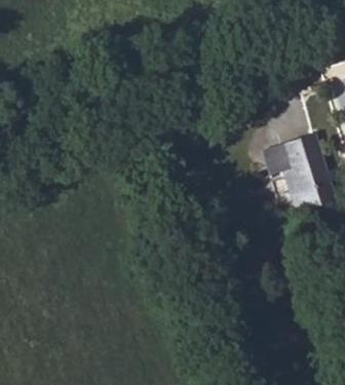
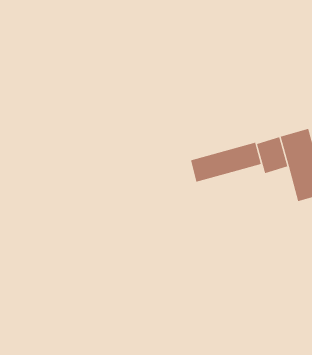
building: none -> [190,142,261,183]

